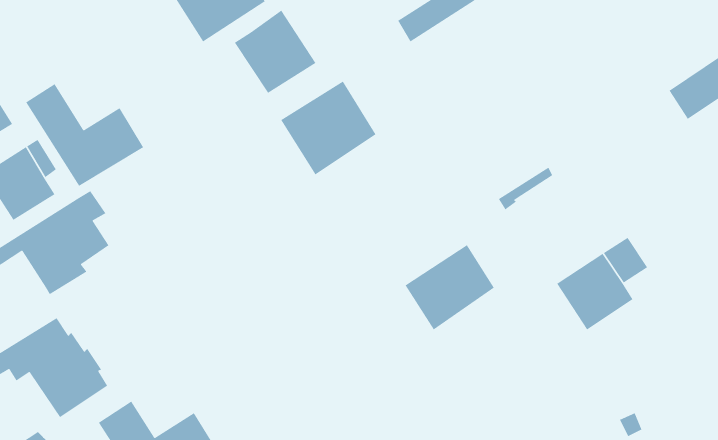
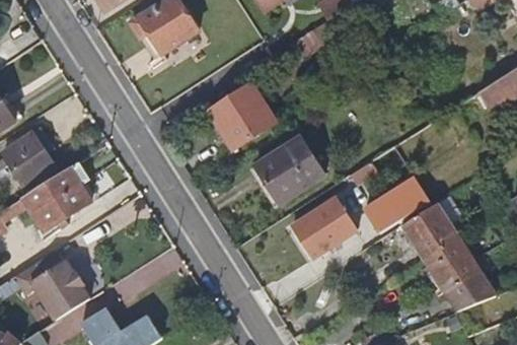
building: [234,10,316,94] -> none
building: [25,83,144,187] -> none
building: none -> [248,137,324,205]
building: none -> [360,172,430,233]
building: none -> [422,237,493,313]

